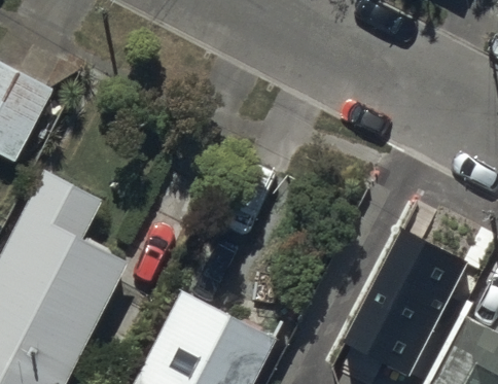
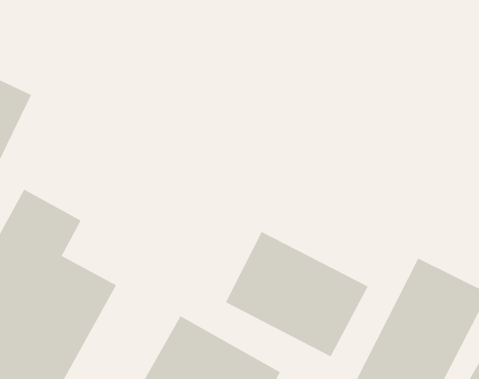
building: none -> [225,231,369,357]

